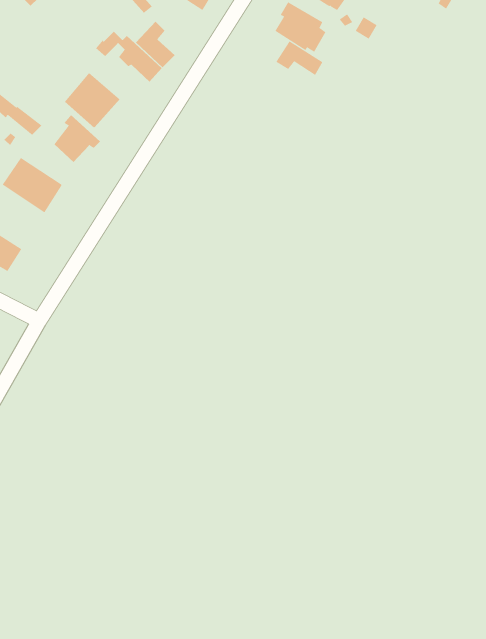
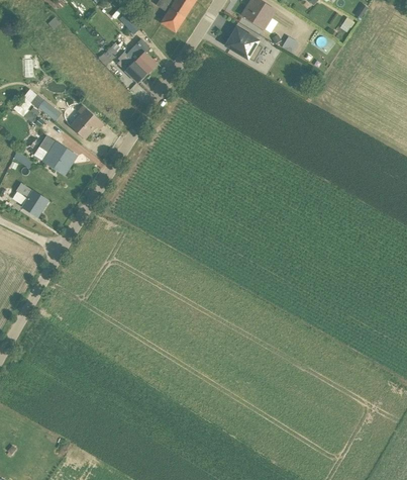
building: [275,40,323,76] -> none
building: [64,72,120,128] -> none

